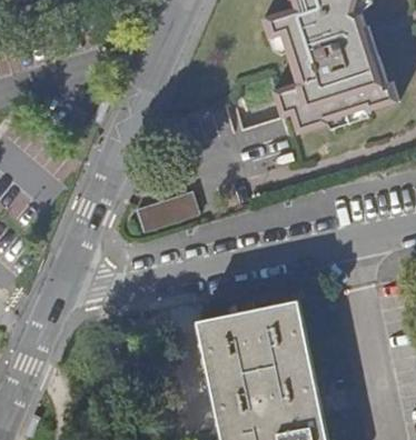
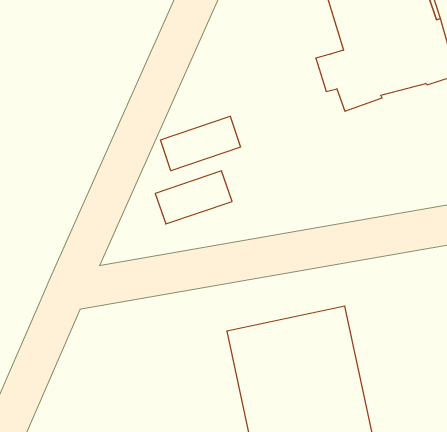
building: none -> [161,116,240,171]

